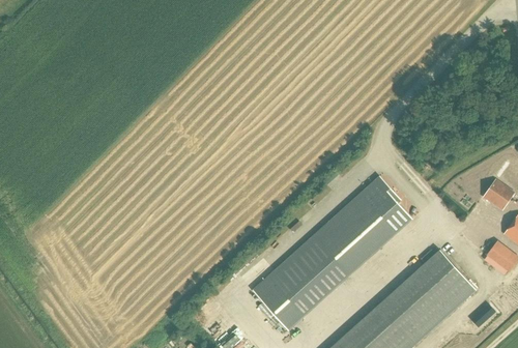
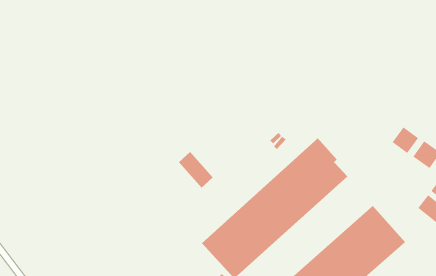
building: none -> [392,126,419,154]
building: none -> [178,151,214,188]

